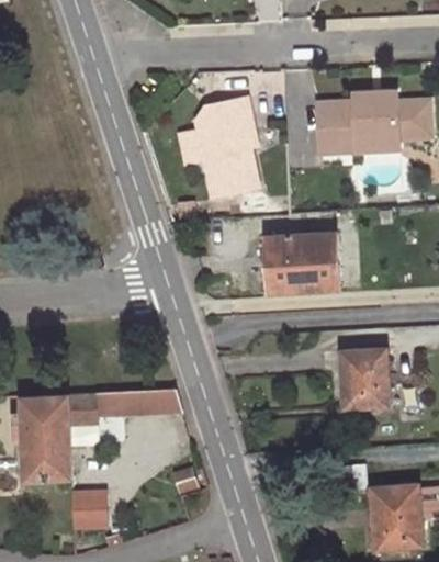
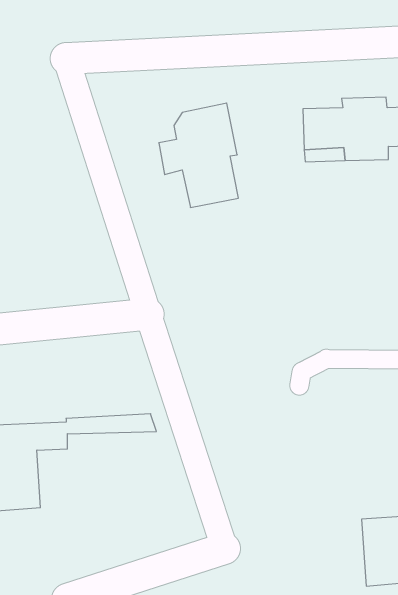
building: [266,233,354,293] -> none
building: [340,349,389,408] -> none
building: [70,491,104,527] -> none

